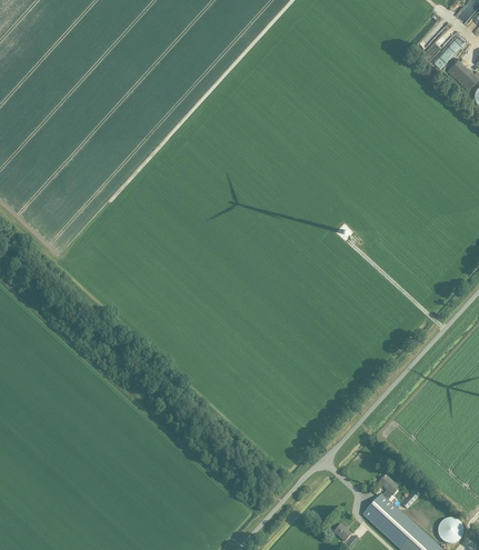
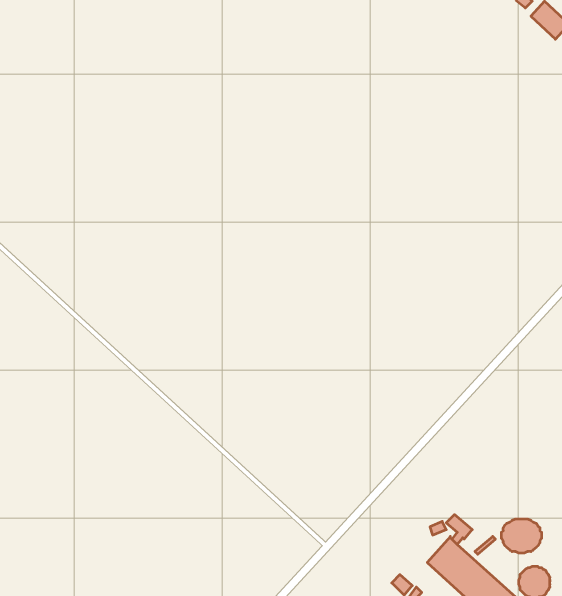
building: none -> [501,519,542,553]

